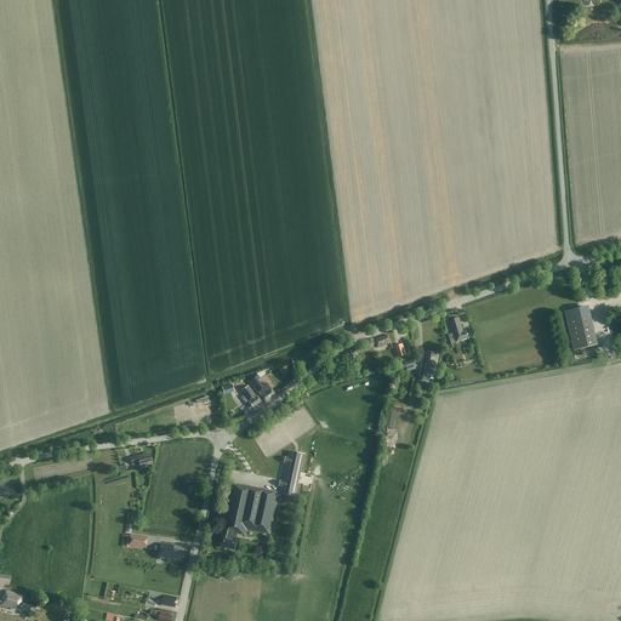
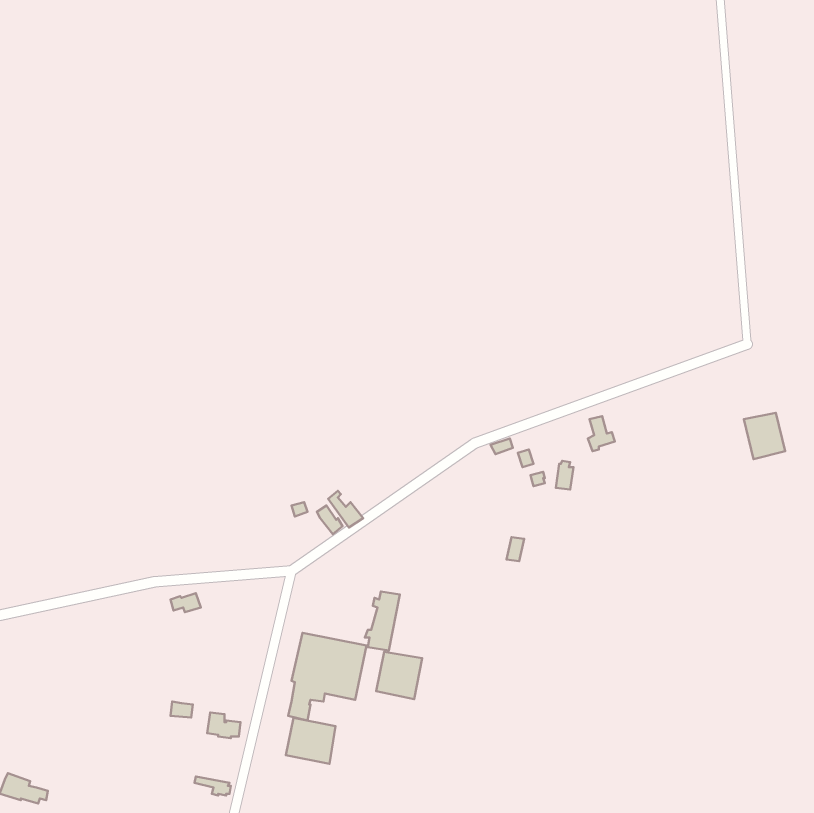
building: none -> [376,652,422,699]
building: none -> [286,718,336,764]

